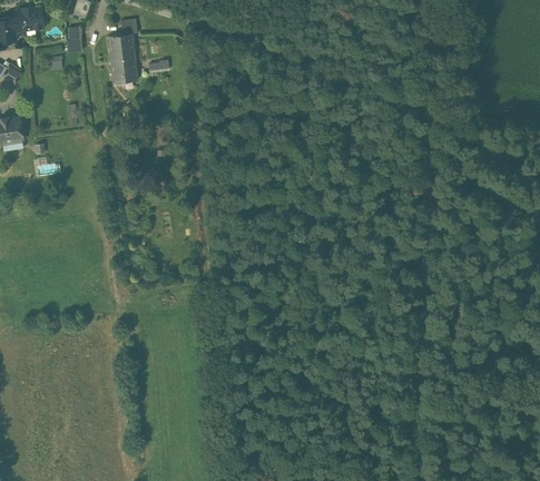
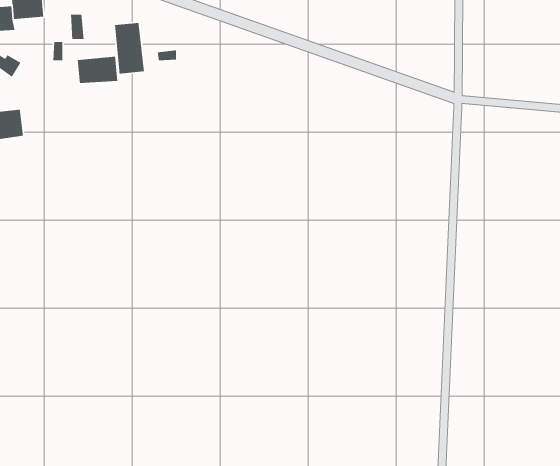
building: none -> [77,56,118,84]

